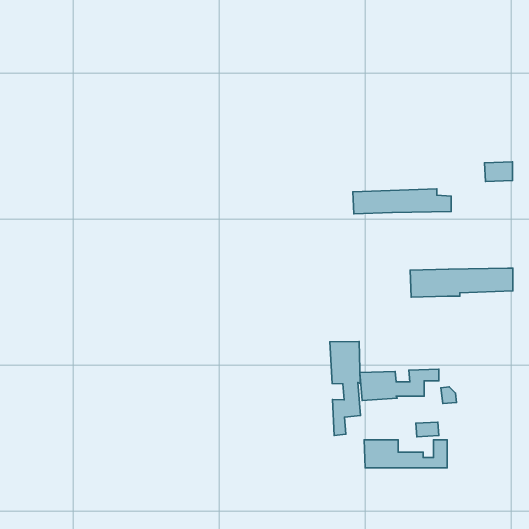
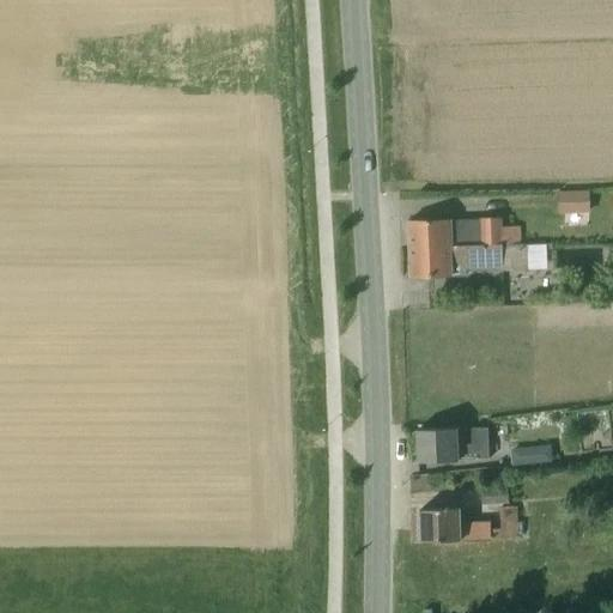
building: [410,268,513,297] -> [408,244,527,278]
building: [330,341,361,435] -> none

